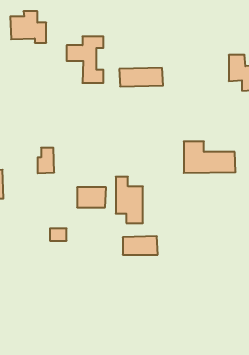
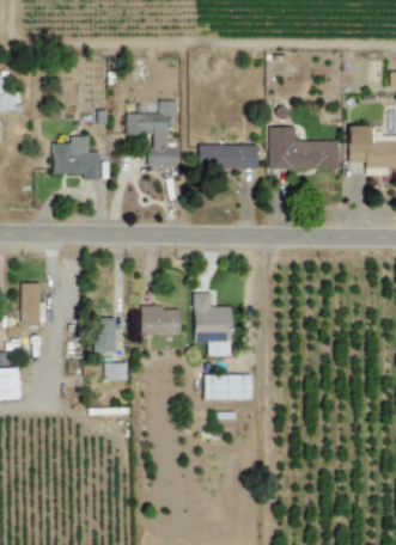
building: [10,11,46,43] -> [53,136,102,179]
building: [184,141,236,173] -> [269,127,340,170]
building: [38,148,54,173] -> [95,318,117,353]

